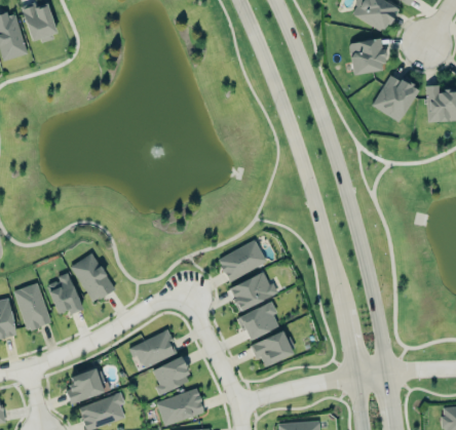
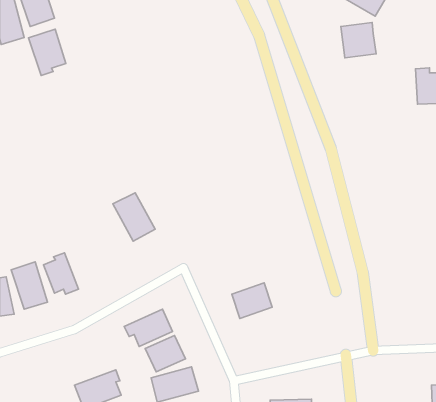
building: none -> [29,29,66,75]
building: [371,73,418,122] -> none
building: [217,240,266,281] -> none
building: [71,253,114,303] -> [113,193,155,241]
building: [228,273,278,311] -> none
building: [250,330,295,366] -> none
building: [66,367,106,404] -> none

